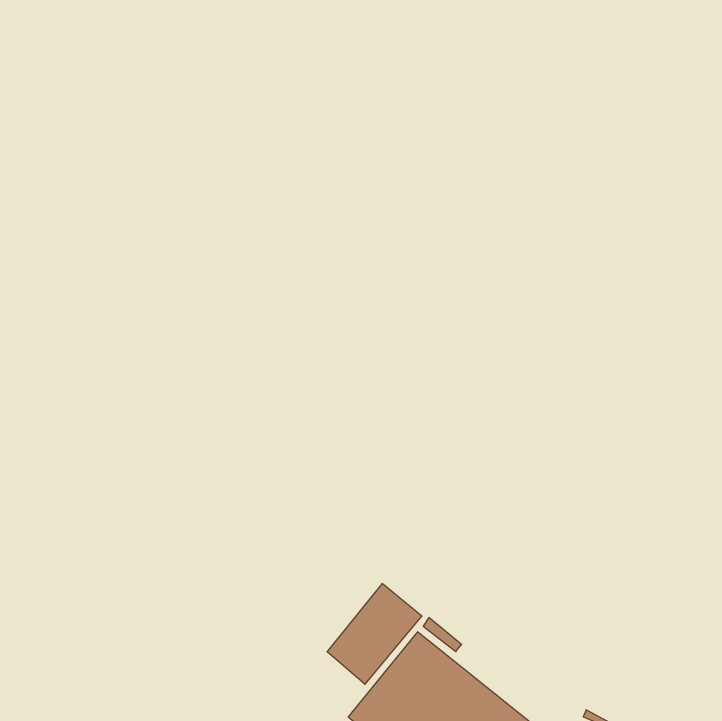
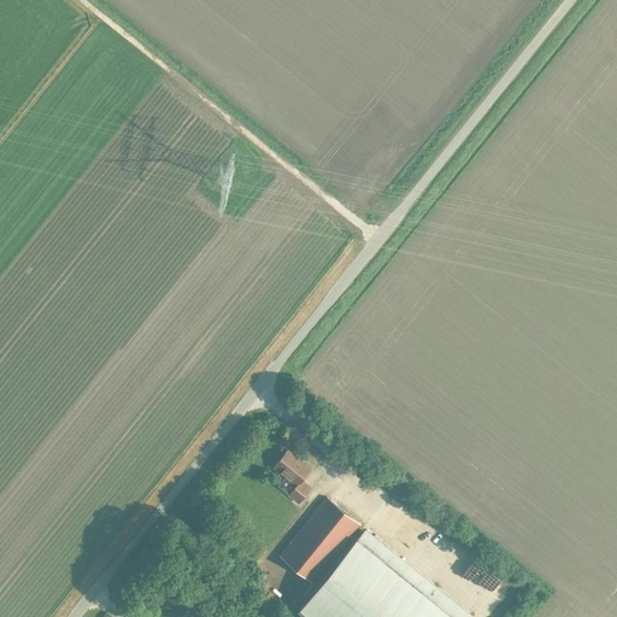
building: none -> [272,452,310,505]

